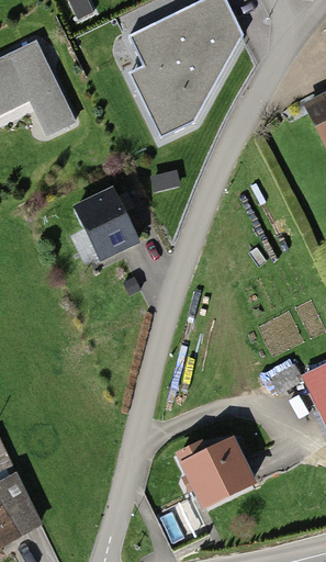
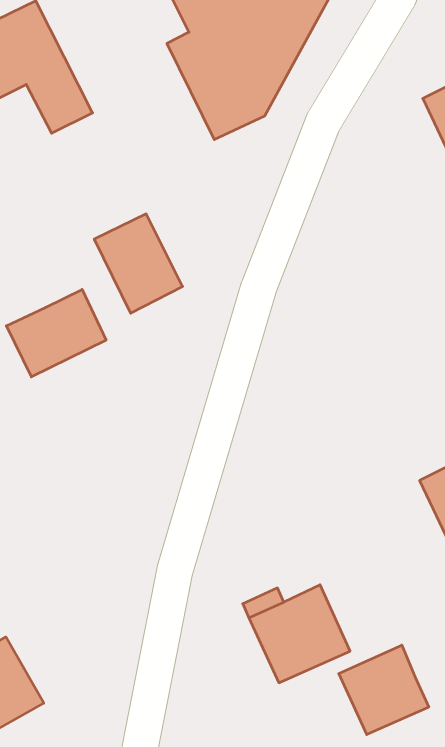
building: none -> [6,289,106,377]
building: none -> [339,645,429,735]

